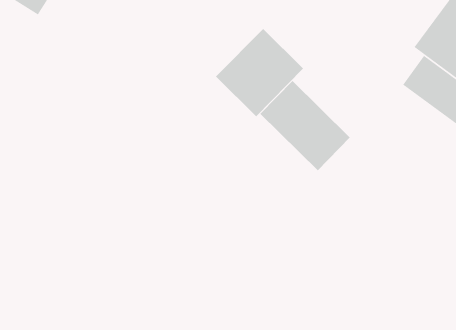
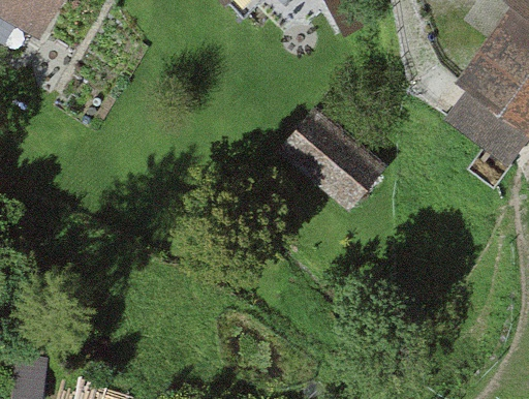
building: [215,28,304,117] -> none

